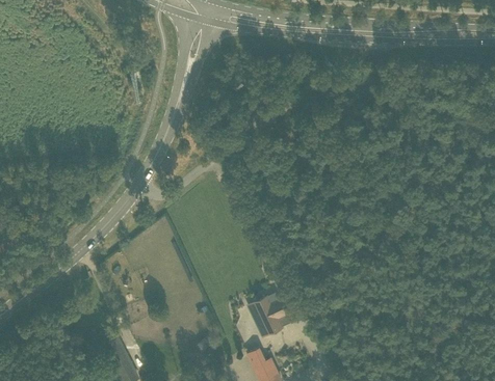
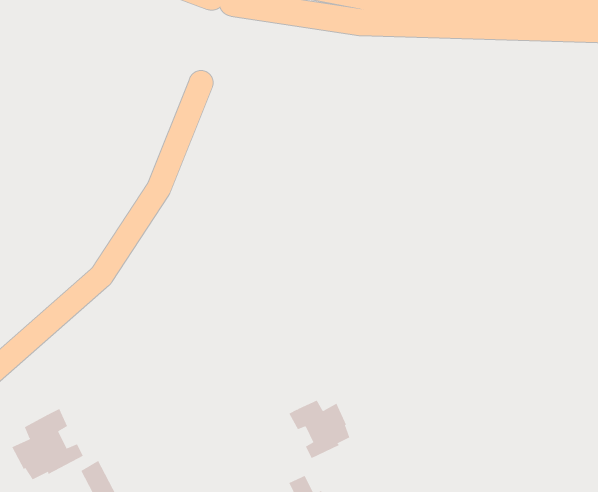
building: none -> [11,408,83,480]

